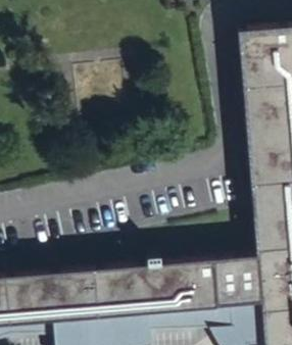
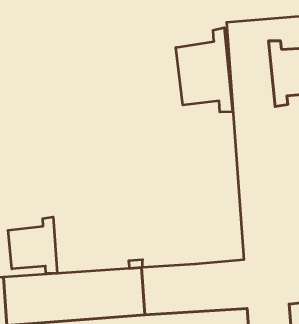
building: none -> [176,28,233,112]
building: none -> [8,217,57,274]

